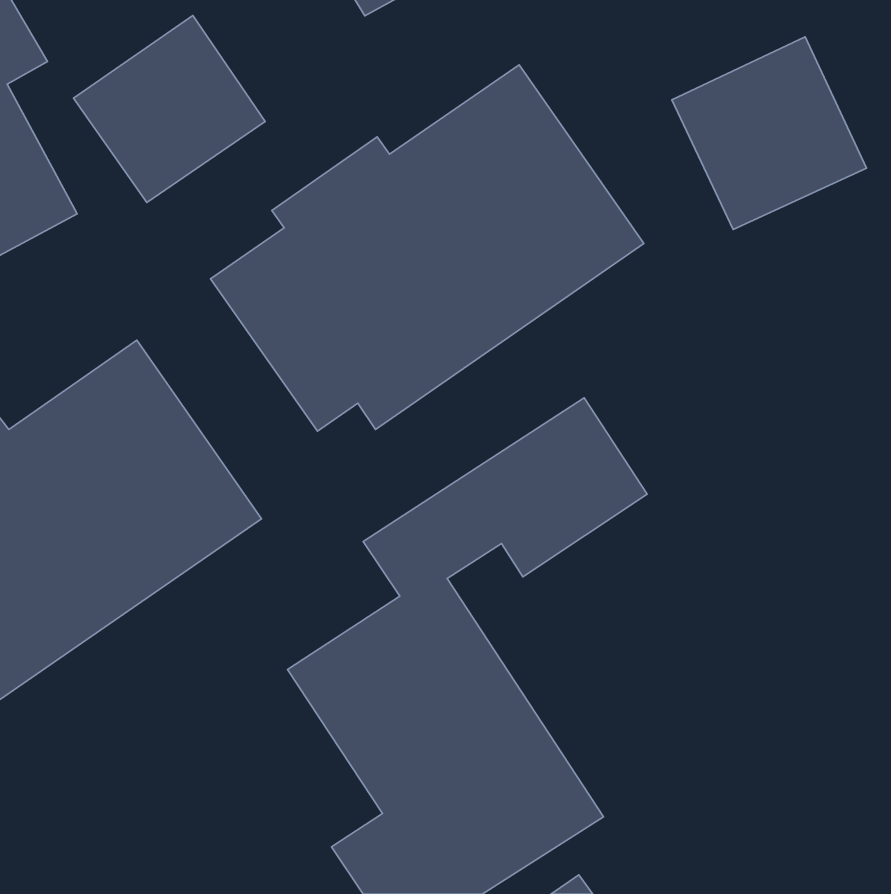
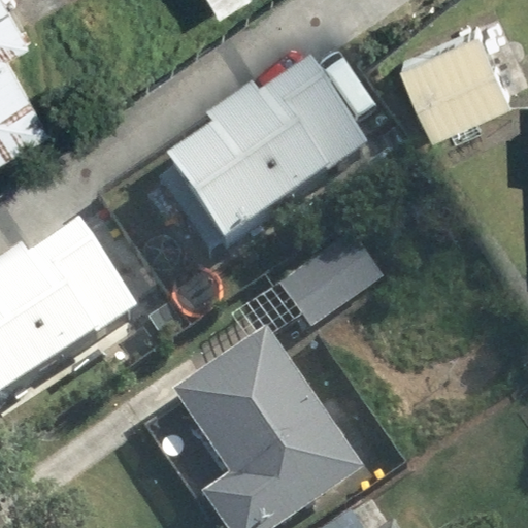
building: [74,16,265,203] -> none

